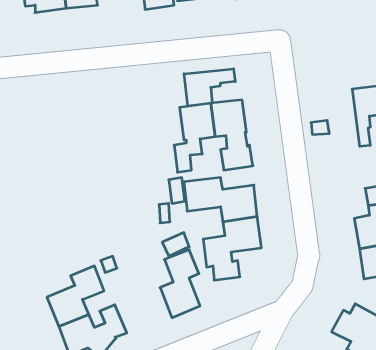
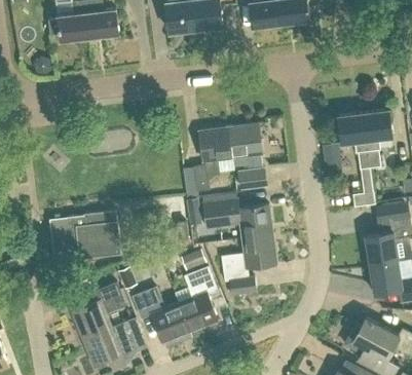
building: [184,69,235,106] -> none
building: none -> [337,113,374,207]
building: none -> [49,211,120,260]
building: none -> [130,286,190,342]

